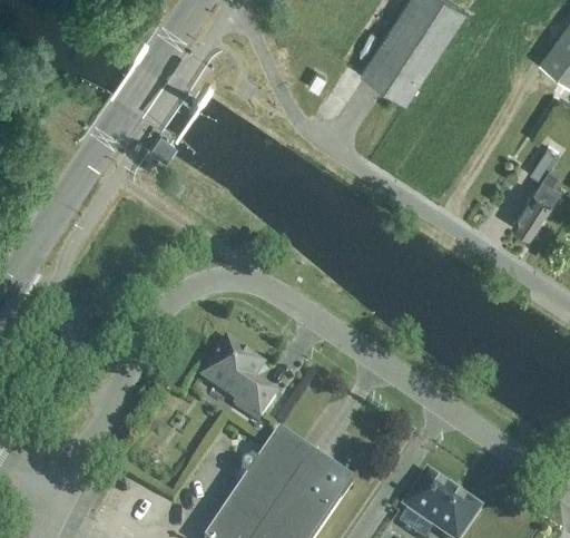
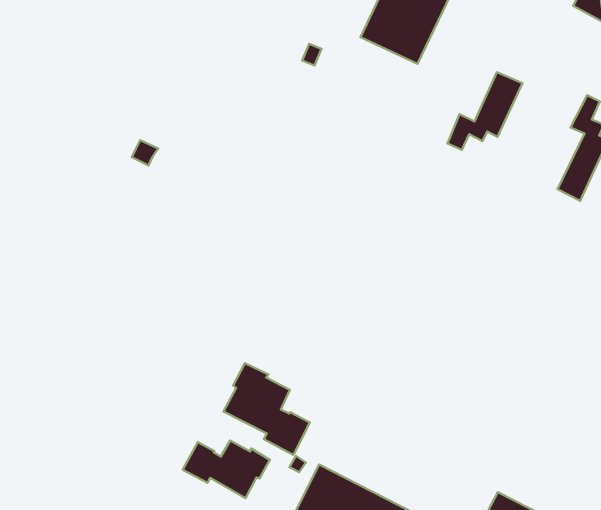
building: none -> [447,72,523,150]
building: none -> [183,441,270,498]

